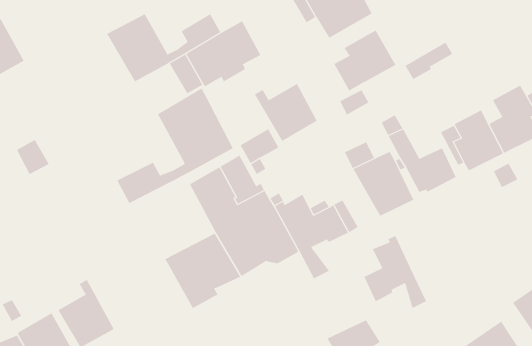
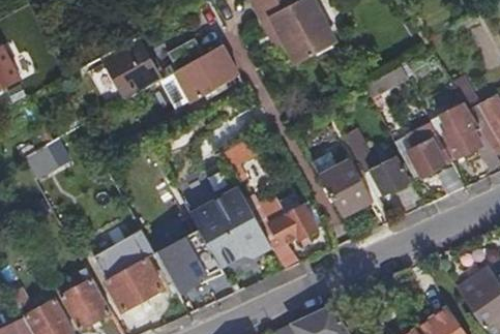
building: [334,30,396,92] -> none
building: [254,83,317,142] -> none
building: [116,87,234,204] -> none
building: none -> [94,230,161,312]
building: [363,235,427,309] -> none

